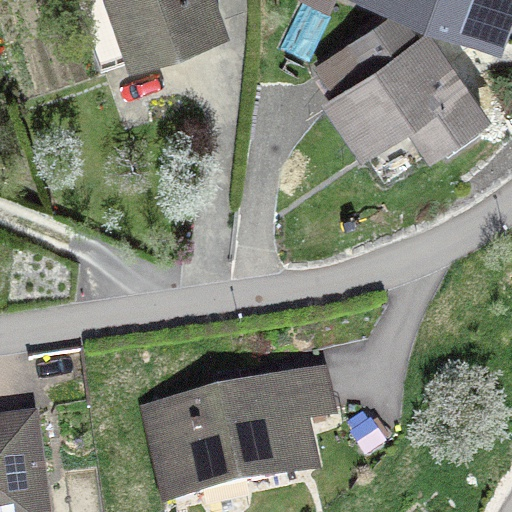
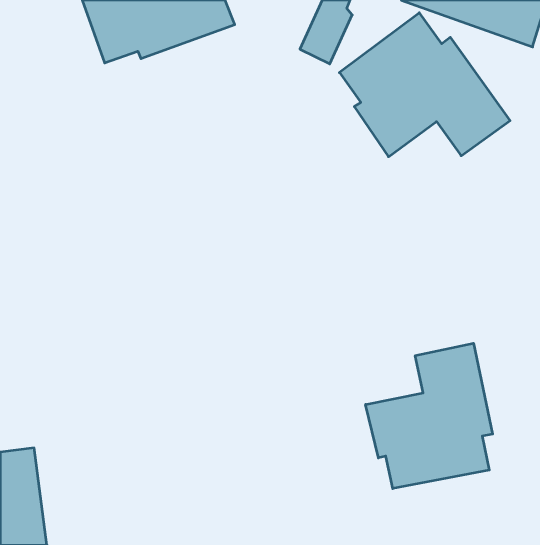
building: none -> [366,343,493,489]
building: [157,371,331,498] -> none

